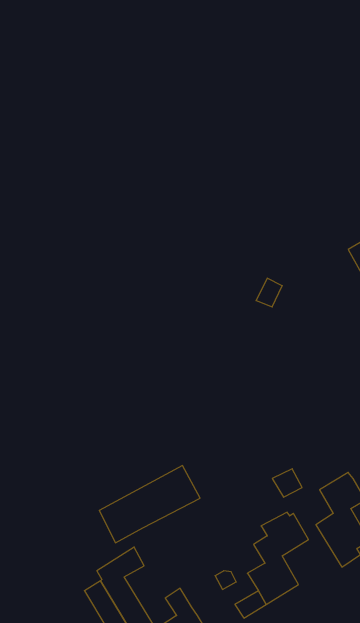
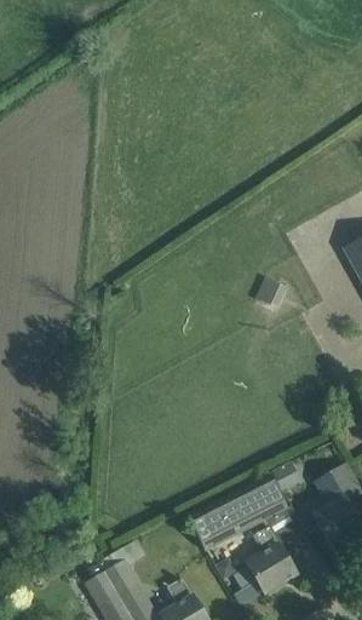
building: [99,466,200,543] -> [188,473,286,549]

